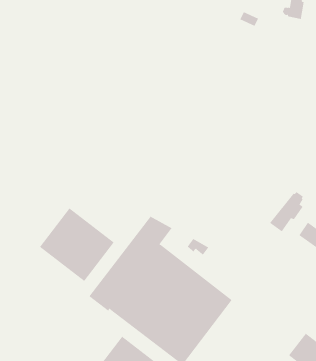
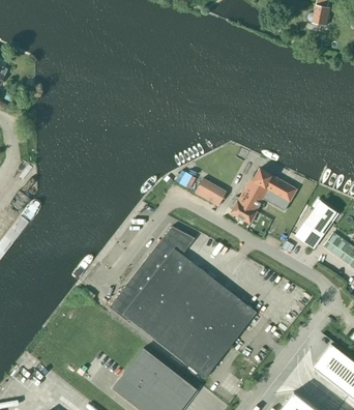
building: none -> [231,170,297,225]
building: none -> [195,178,228,208]
building: [39,207,114,282] -> none

